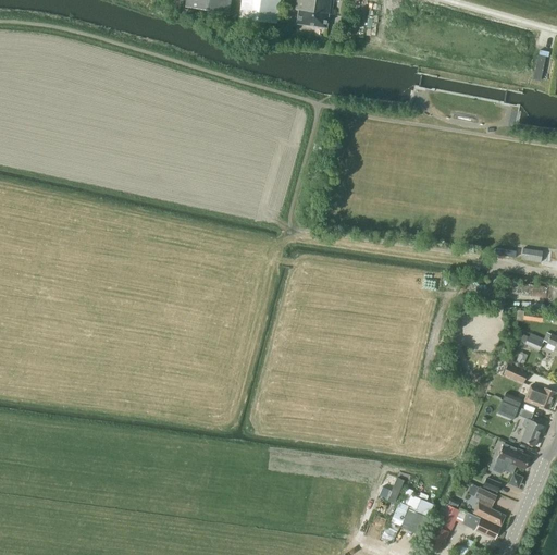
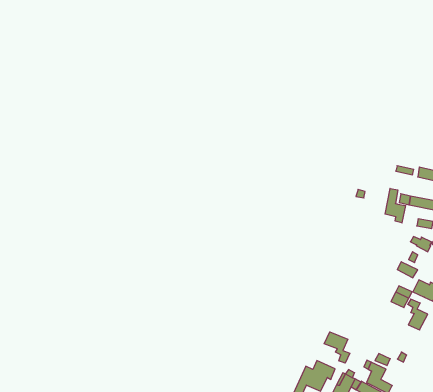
building: none -> [385,188,406,223]
building: [493,443,531,473] -> none
building: none -> [324,332,350,363]

